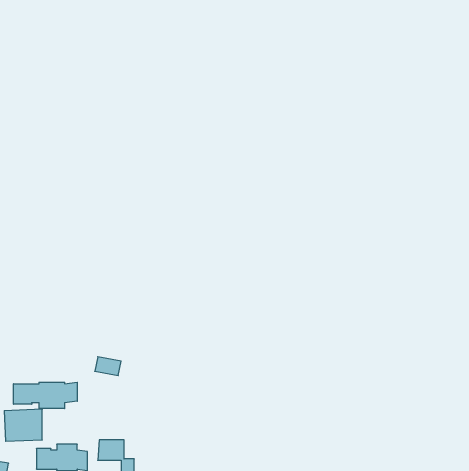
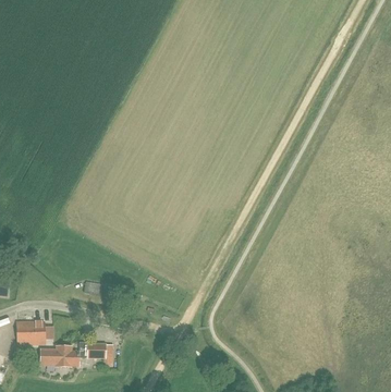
building: [14,382,77,409] -> none

